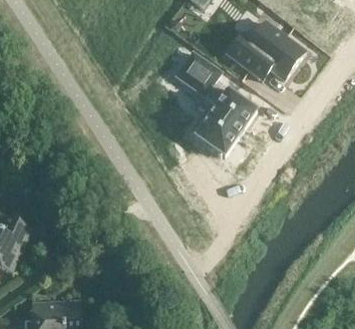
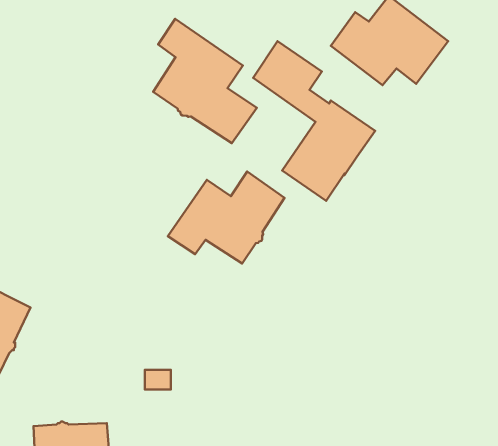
building: none -> [153,19,257,143]
building: none -> [168,172,284,263]

